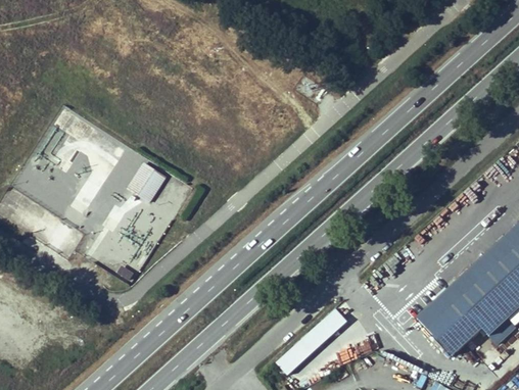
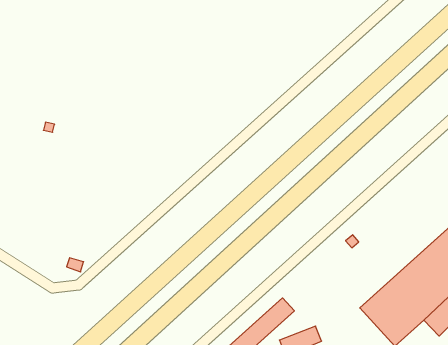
building: [129,160,168,199] -> none

